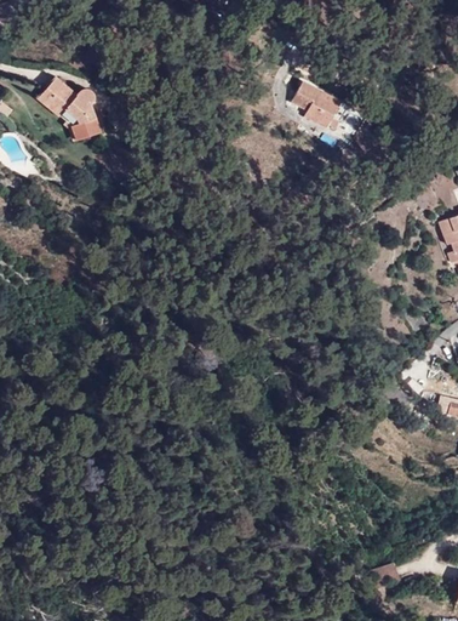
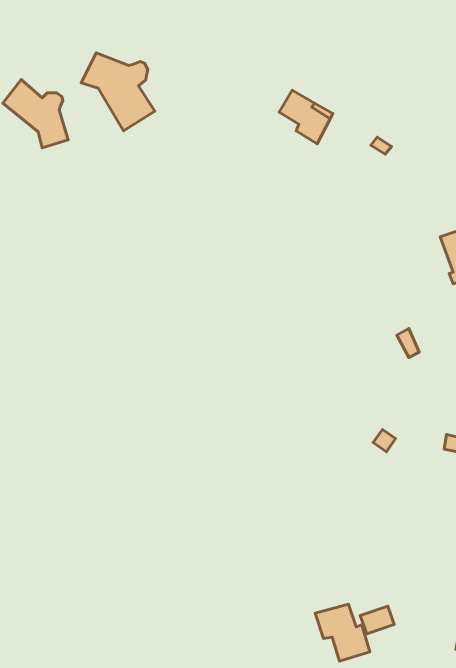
building: none -> [81,53,155,131]
building: none -> [315,604,370,661]

